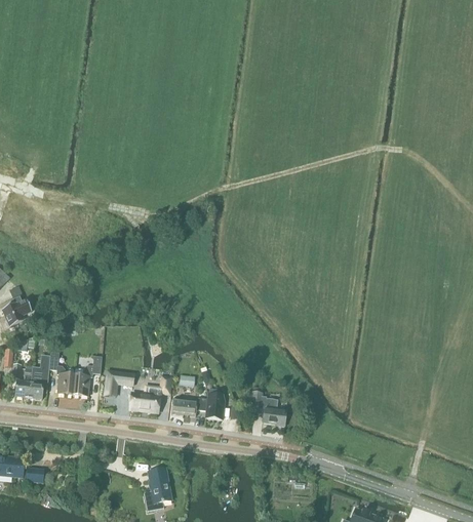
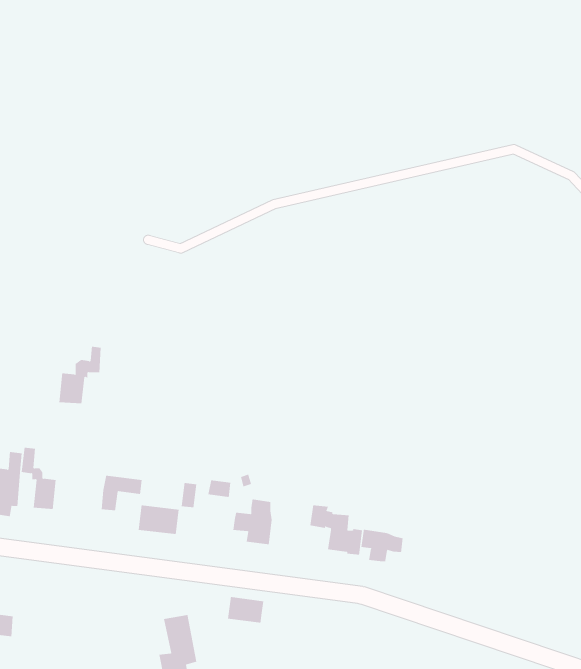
building: [72,355,102,395] -> [59,346,102,404]
building: [171,397,197,415] -> [227,597,264,623]
building: none -> [361,529,403,562]

